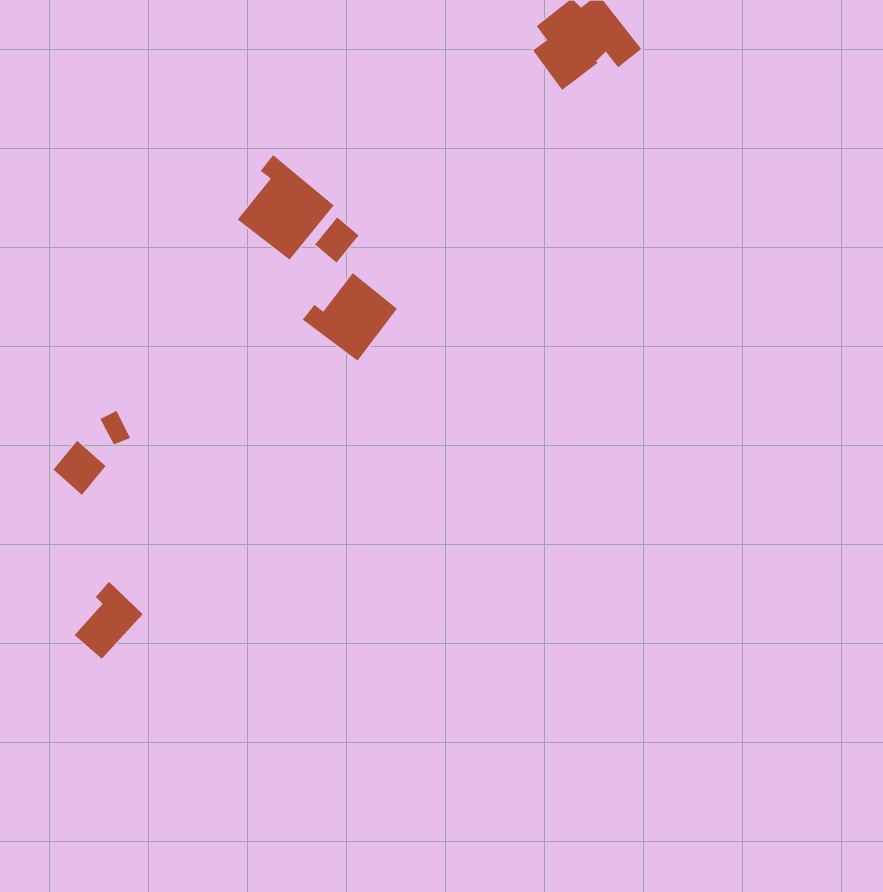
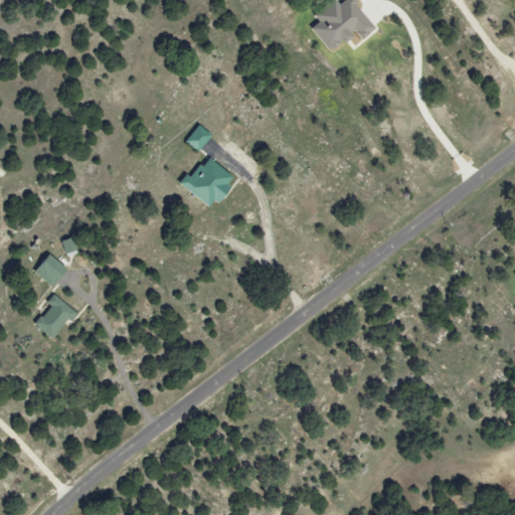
building: [237,154,335,260] -> none
building: [74,581,144,660] -> [36,294,76,339]

